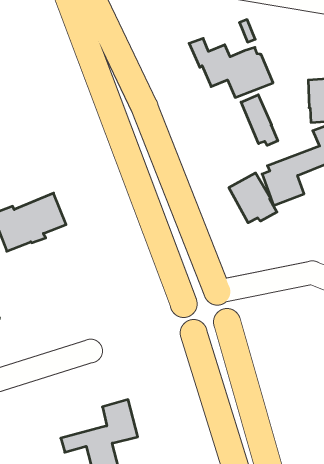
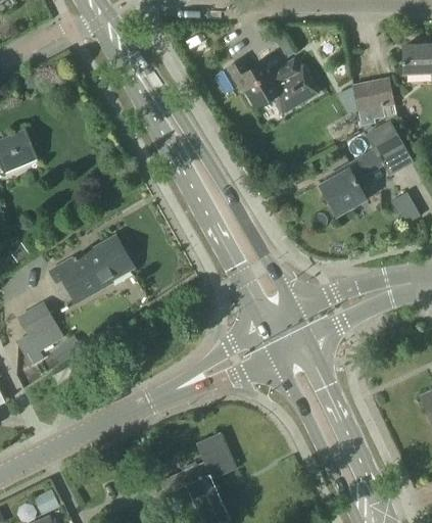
building: [241,95,278,145] -> none
building: [229,173,277,223] -> none

